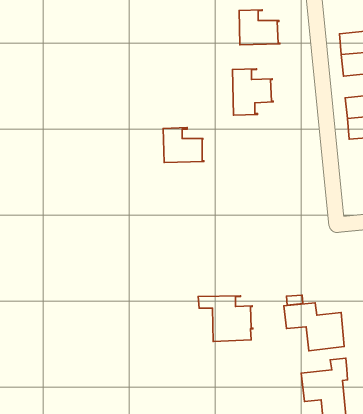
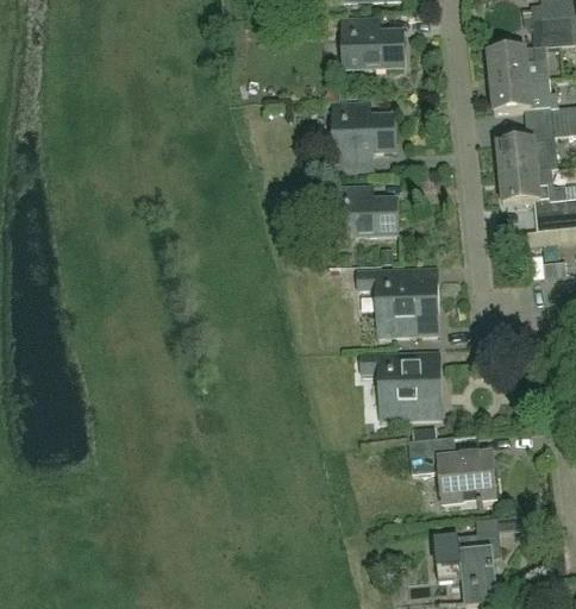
building: [163,128,204,162] -> [337,184,395,234]
building: none -> [358,268,437,333]
building: [198,296,253,341] -> [361,352,439,417]

